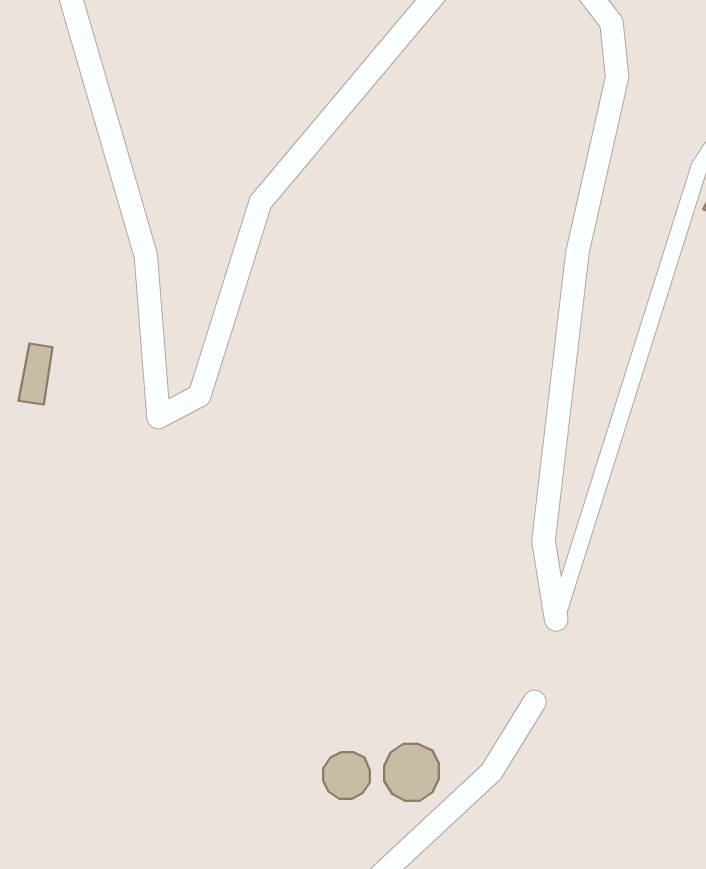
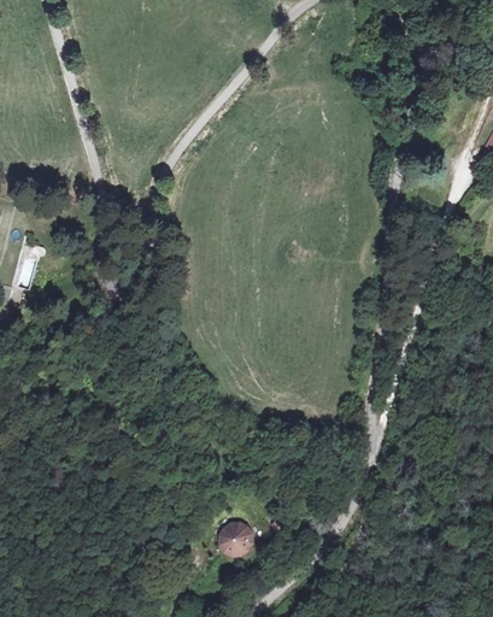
building: [384,744,439,801] -> none

